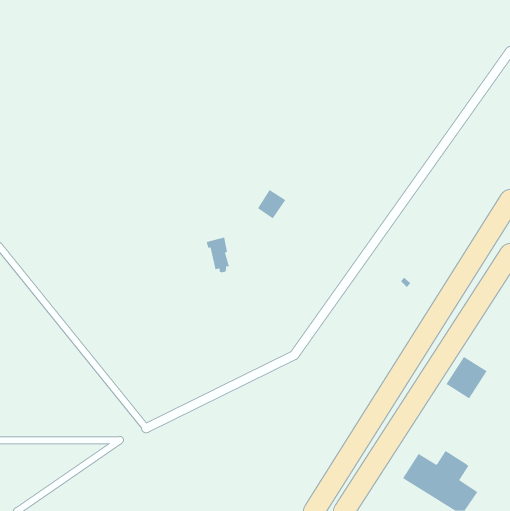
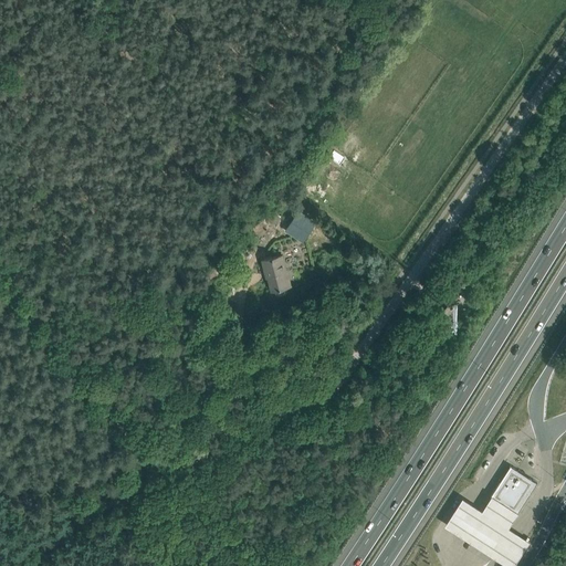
building: [206,237,230,273] -> [260,254,286,294]
building: [445,356,487,399] -> [490,465,536,513]

